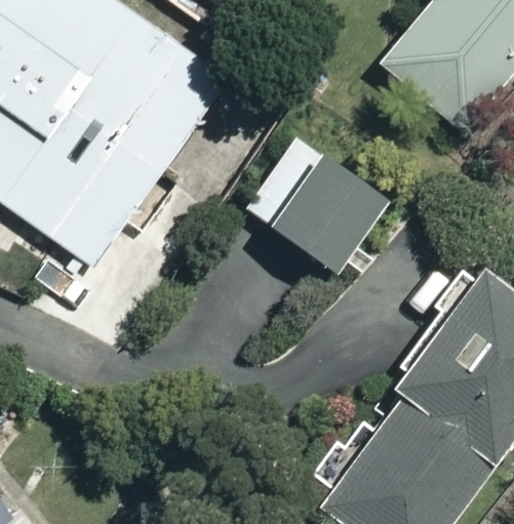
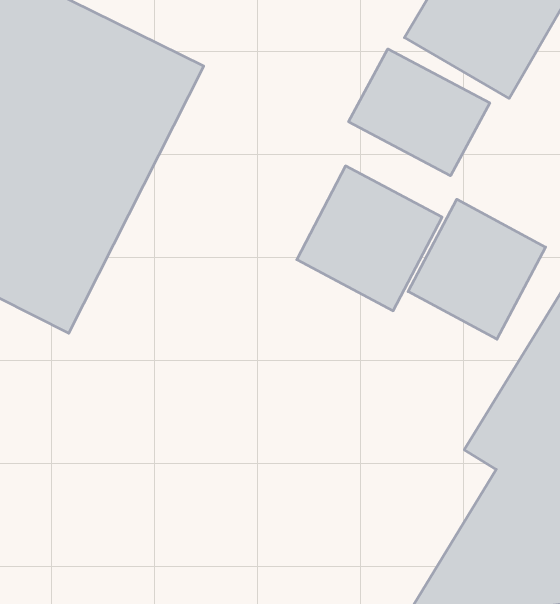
building: none -> [349,49,490,176]
building: none -> [408,199,546,339]

